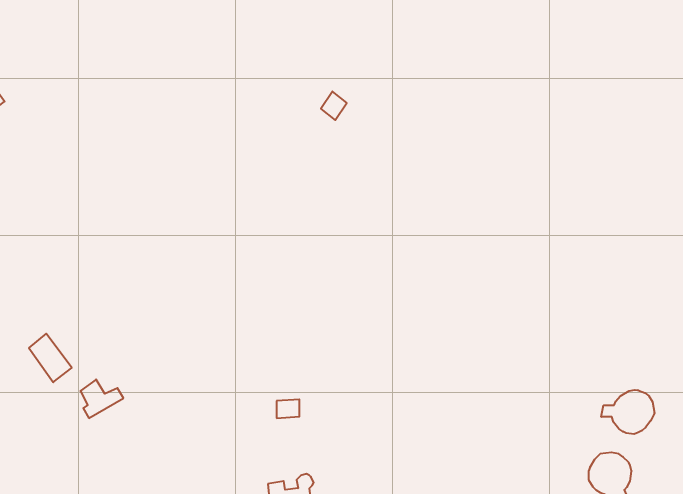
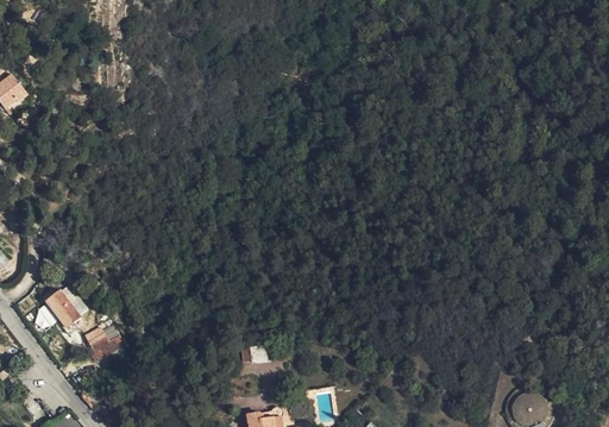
building: [601,390,654,434] -> none

